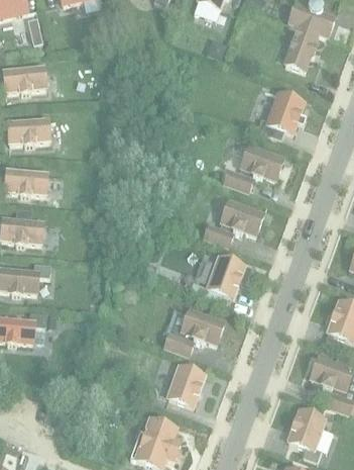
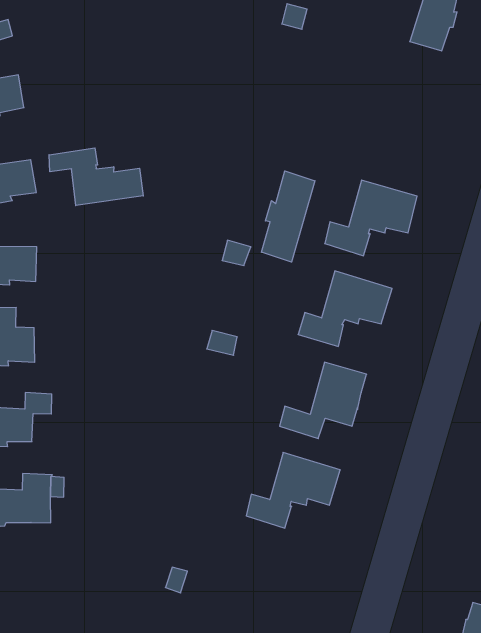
building: [256,92,304,135] -> none
building: none -> [49,148,143,206]
building: none -> [261,171,315,262]
building: [167,365,205,405] -> none

